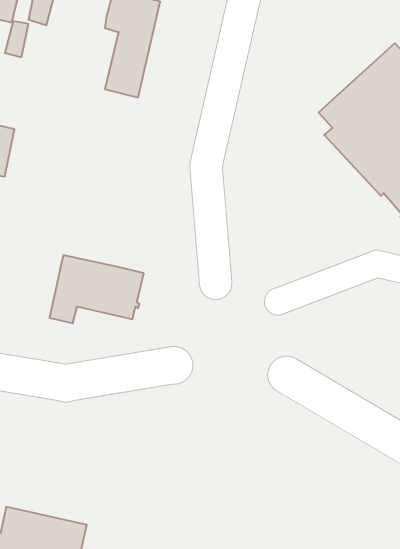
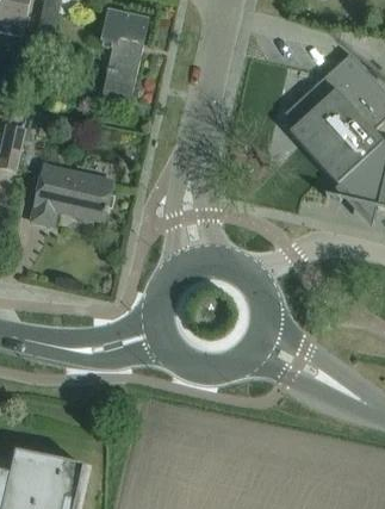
building: [49,255,144,323] -> [32,165,113,223]

